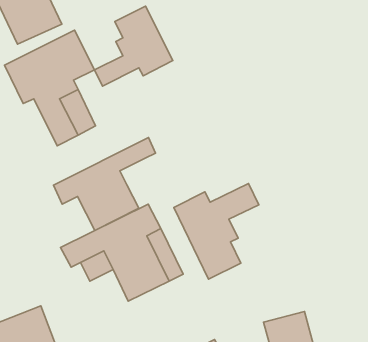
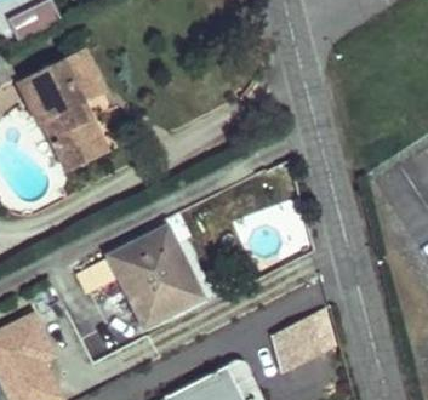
building: [94,6,173,86] -> none
building: [53,138,155,231] -> none
building: [174,184,259,279] -> none

